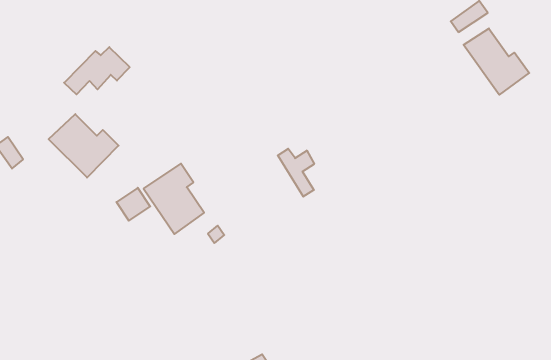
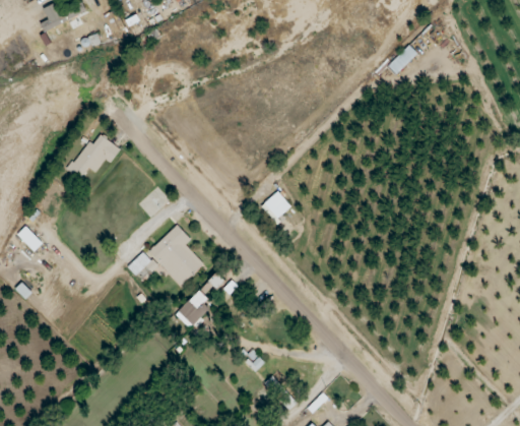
building: [464,28,529,95] -> none
building: [49,114,119,178] -> none
building: none -> [175,290,211,327]

